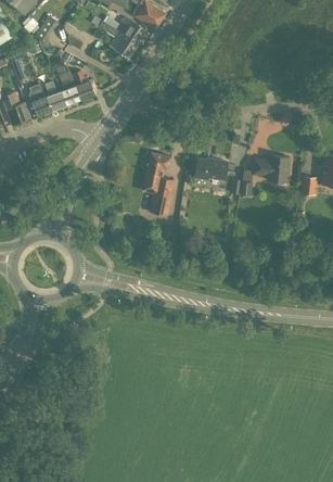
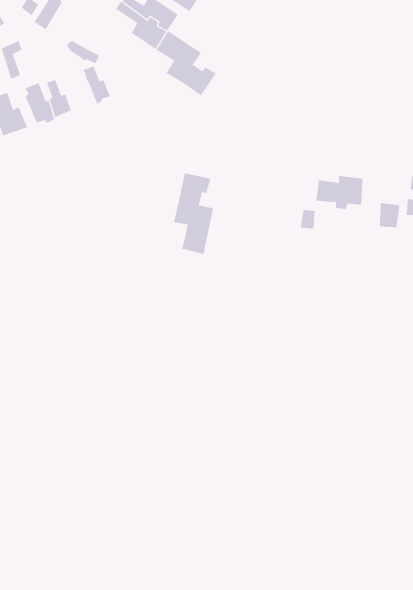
building: none -> [156,30,216,96]
building: [55,65,84,105] -> none
building: [195,158,227,179] -> none

